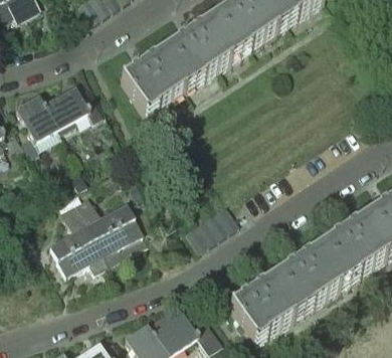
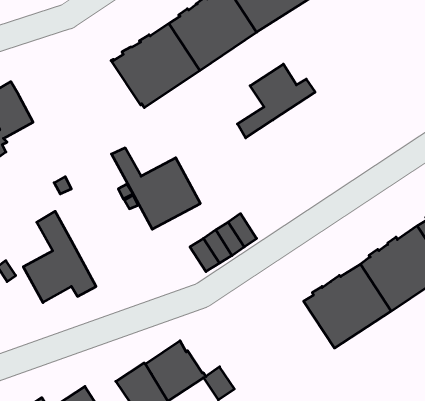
building: none -> [237,64,315,138]
building: [44,85,103,127] -> none
building: [74,194,147,260] -> [111,148,200,229]
building: [228,273,302,341] -> none

